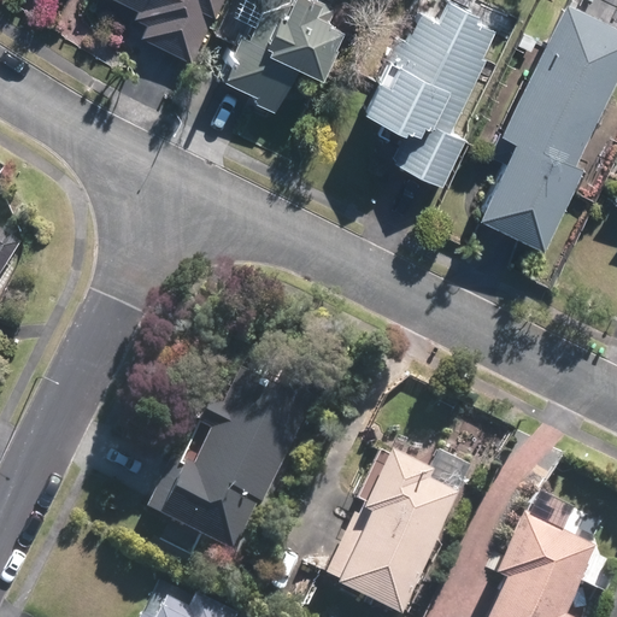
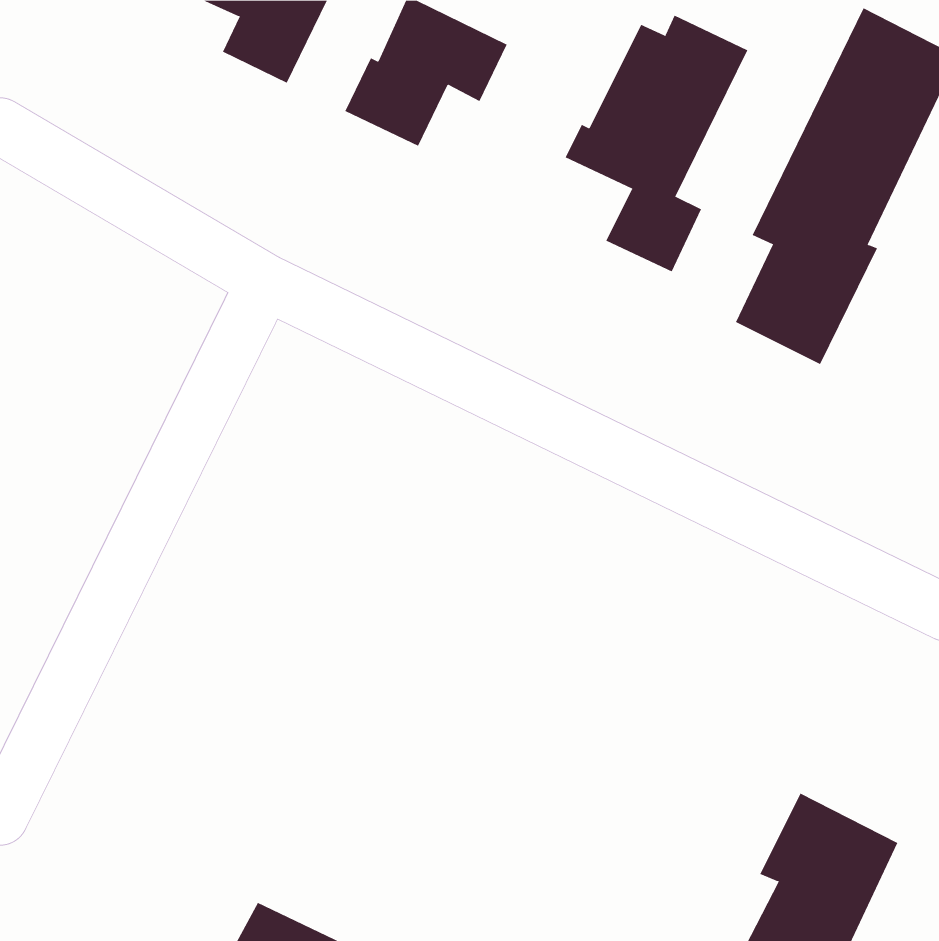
building: [165,383,305,547] -> none
building: [335,462,453,610] -> none

